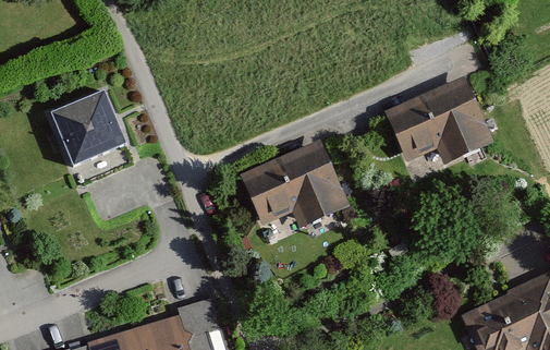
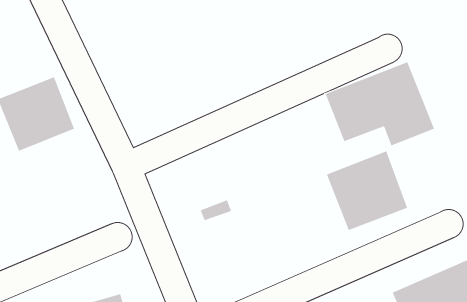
building: [235,137,350,227] -> none
building: none -> [326,151,408,231]

